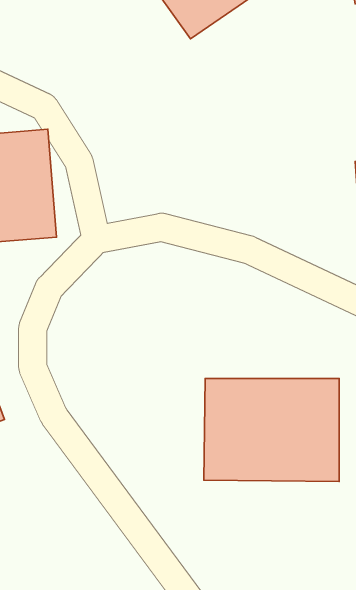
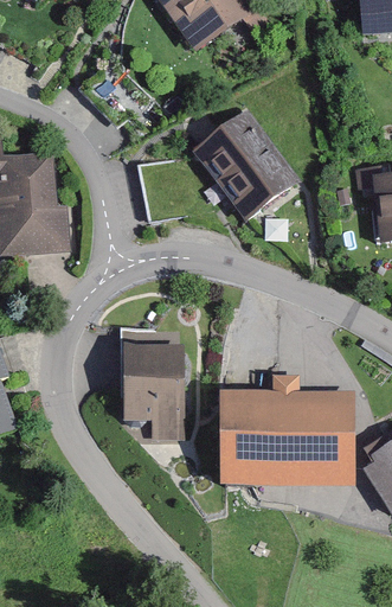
building: none -> [191,108,309,230]
building: none -> [121,333,191,418]

